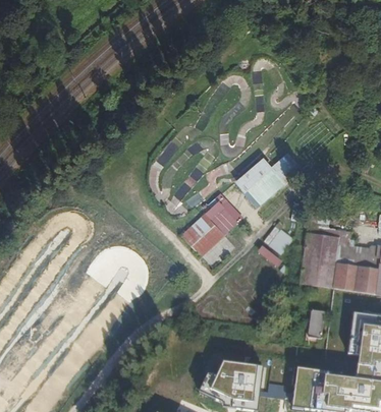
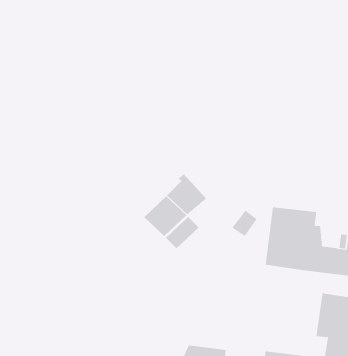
building: [231,154,298,209] -> none
building: [306,309,324,341] -> none

